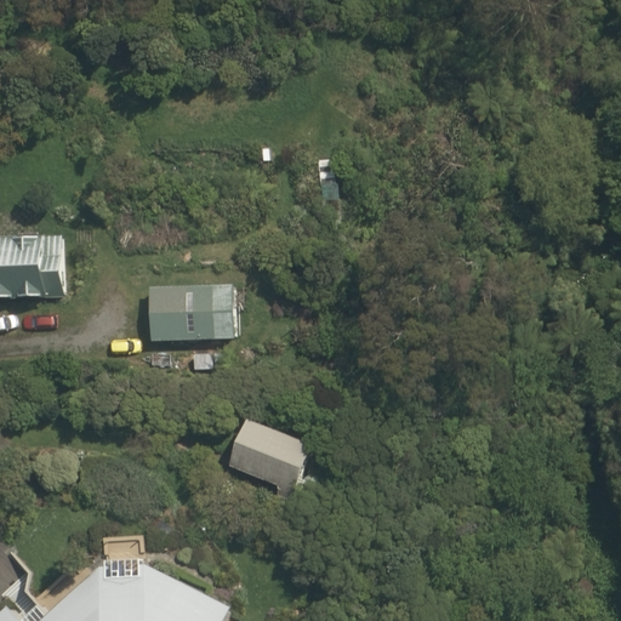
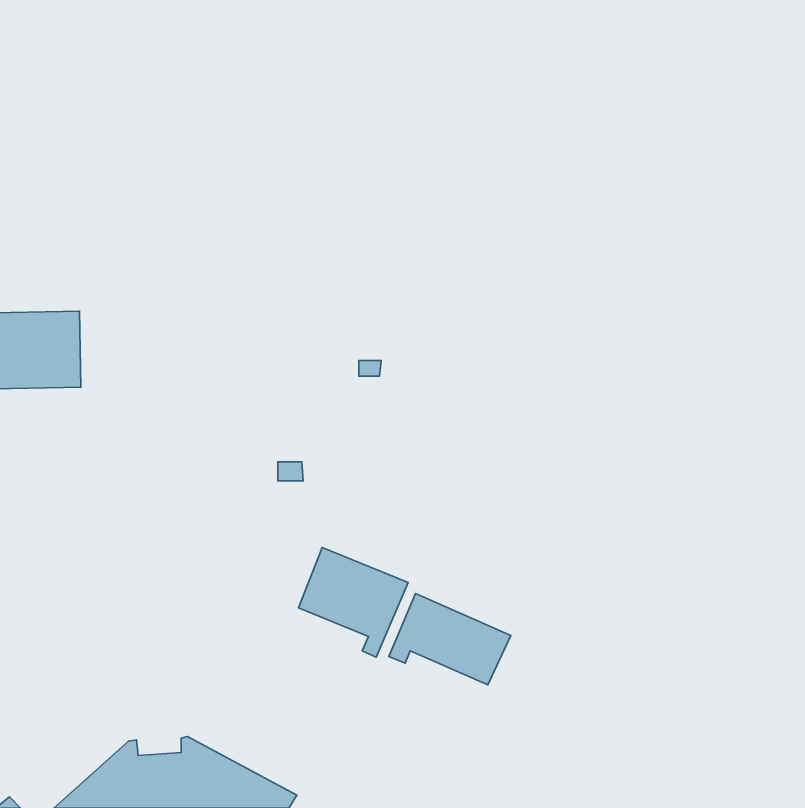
building: [148,287,232,341] -> none
building: none -> [389,594,511,685]

